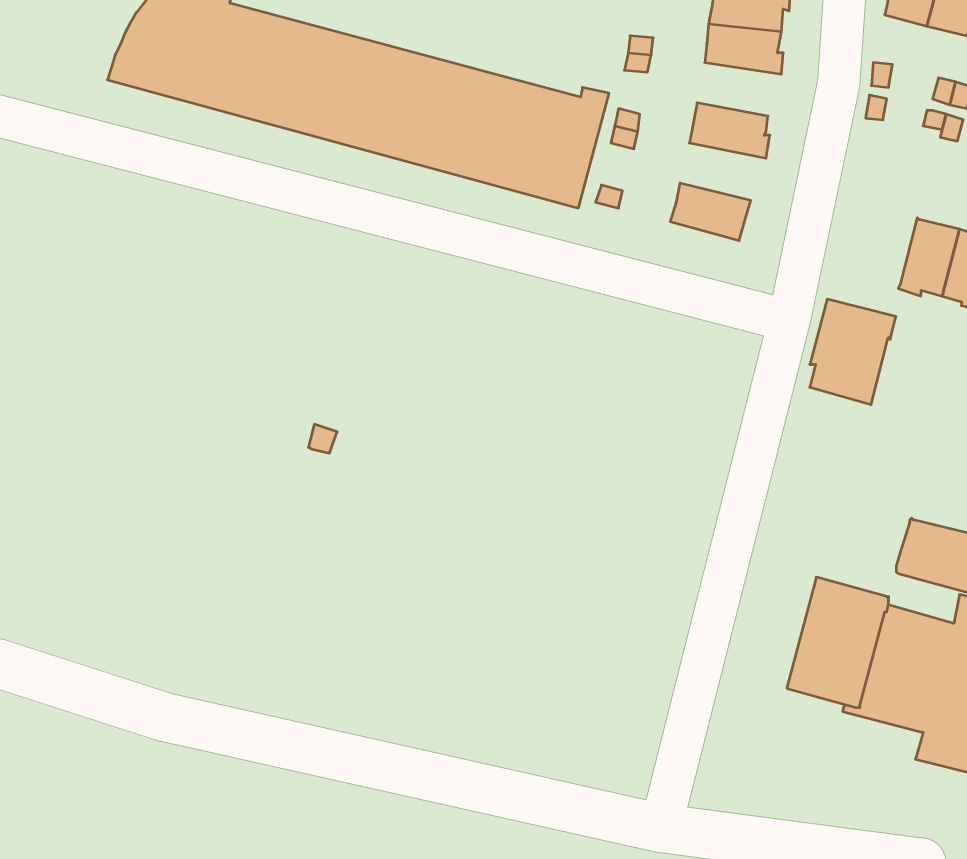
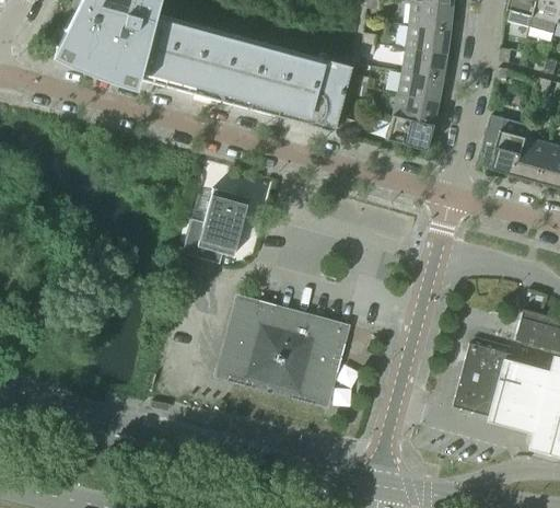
building: none -> [401,47,450,78]
building: none -> [392,93,441,126]
building: [810,299,896,405] -> [482,114,532,174]
building: none -> [197,186,249,255]
building: none -> [218,298,345,403]

